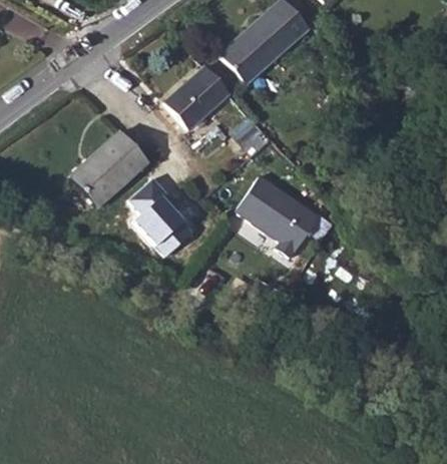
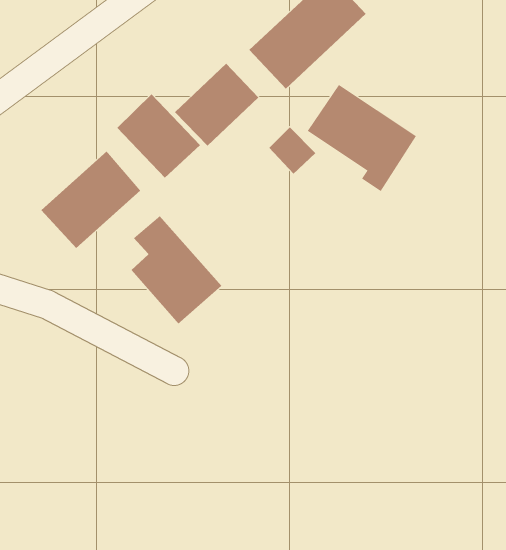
building: none -> [117,93,201,179]
building: [239,176,322,258] -> [307,84,417,192]

